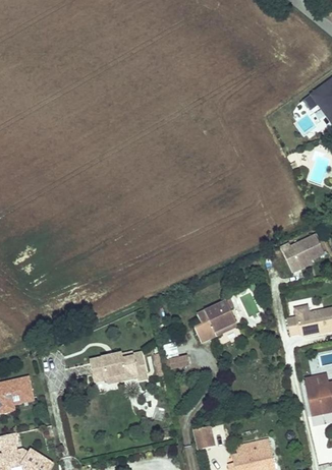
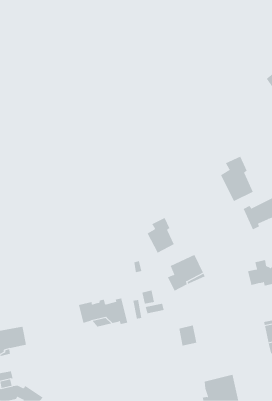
building: none -> [220,156,254,202]
building: none -> [147,217,175,253]
building: [192,424,214,449] -> [178,325,197,346]

